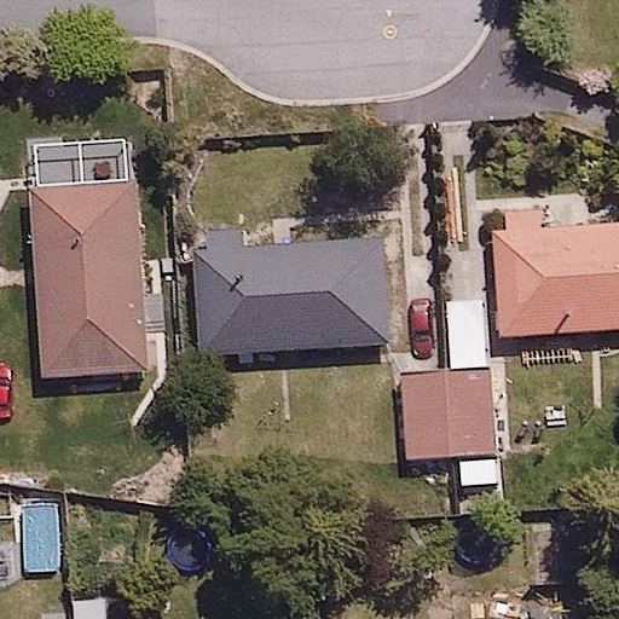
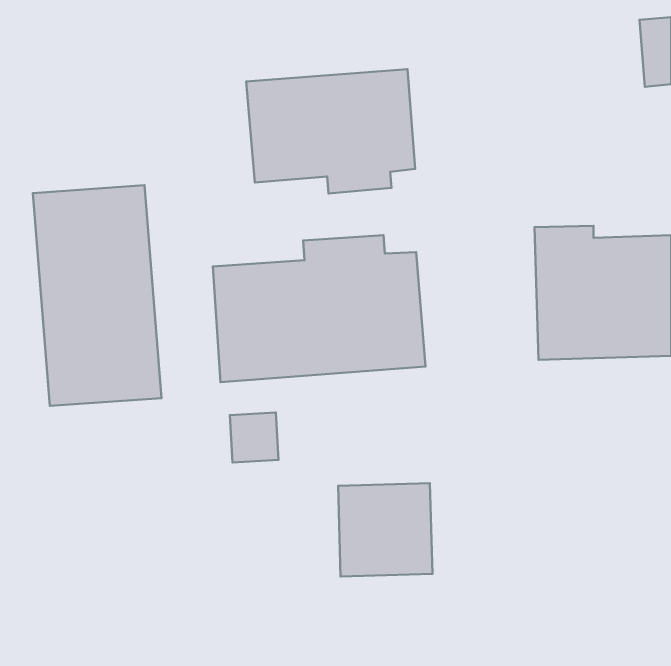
building: none -> [246,69,415,194]
building: [403,370,490,456] -> [338,483,433,577]

